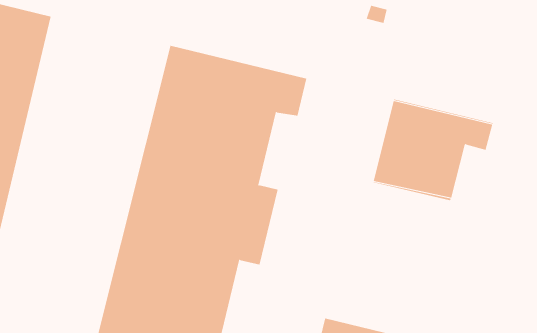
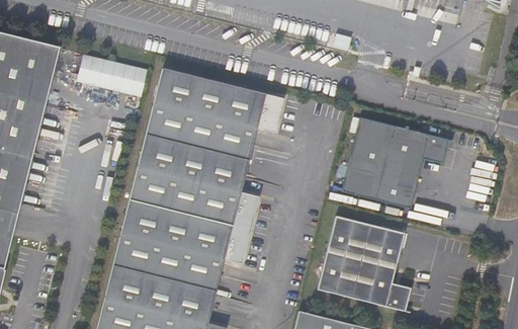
building: none -> [79,54,150,95]
building: none -> [316,217,409,311]

